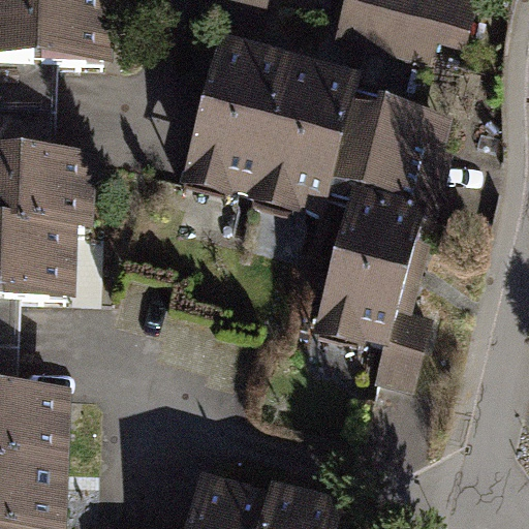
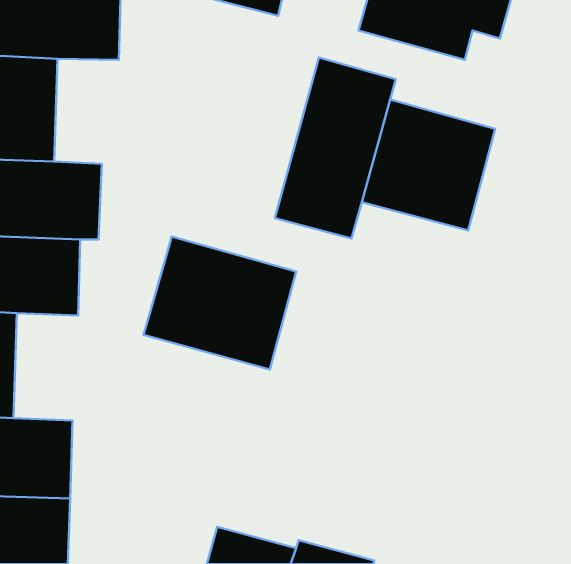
building: [181,34,291,199] -> none
building: [314,191,434,399] -> none
building: none -> [143,237,296,370]

